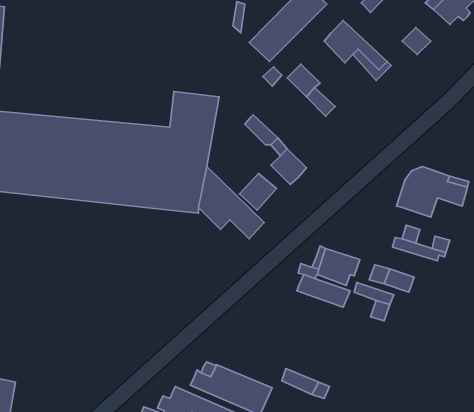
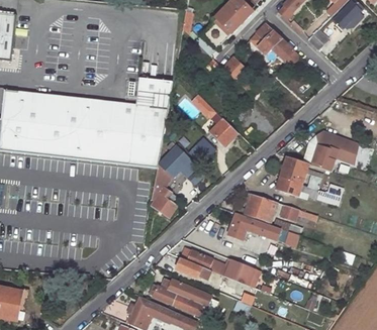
building: none -> [279,156,307,194]
building: none -> [150,162,176,217]
building: none -> [175,247,259,286]

